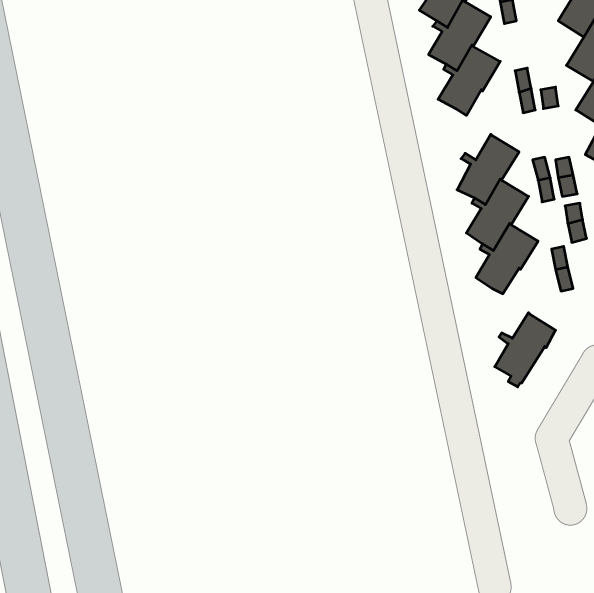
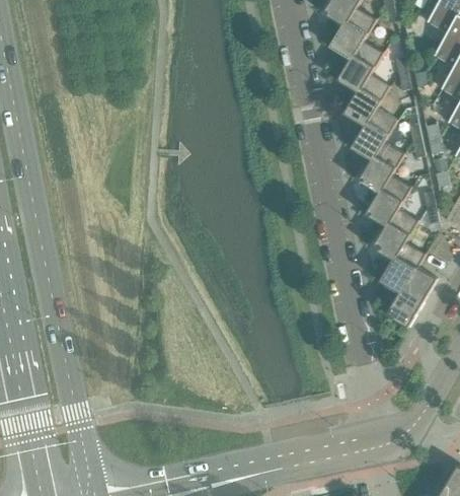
building: none -> [343,73,390,126]
building: none -> [372,207,418,260]
building: none -> [386,266,437,328]

